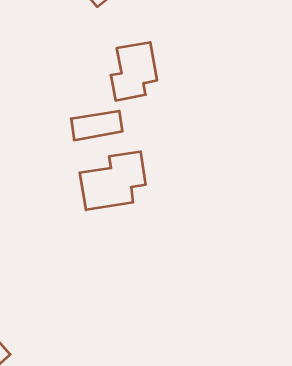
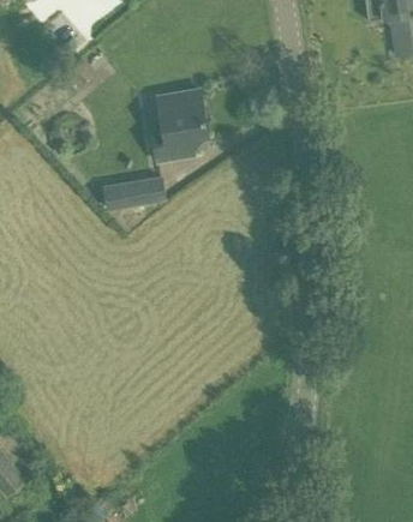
building: [80,152,145,210] -> none

